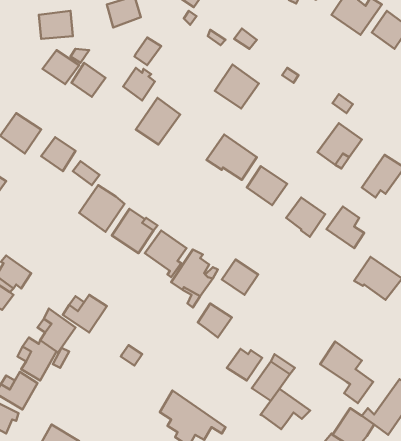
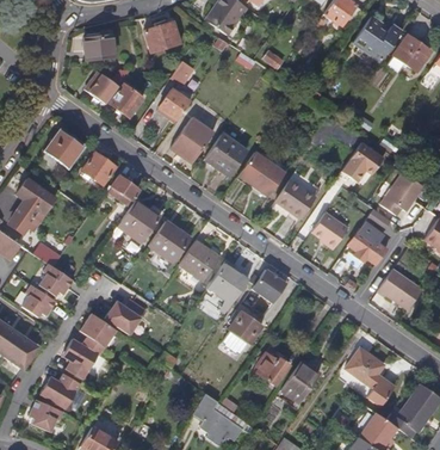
building: [215,64,259,109] -> [206,134,248,175]
building: [261,389,310,429] -> none

